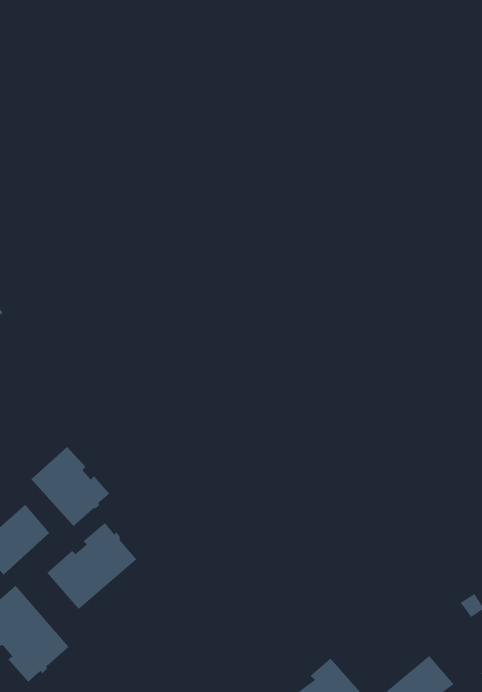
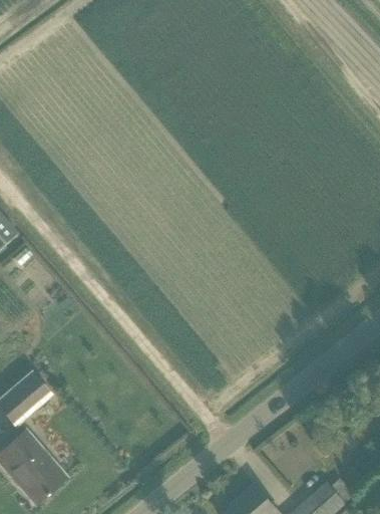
building: [31,446,110,527] -> none
building: [47,522,137,610] -> none

